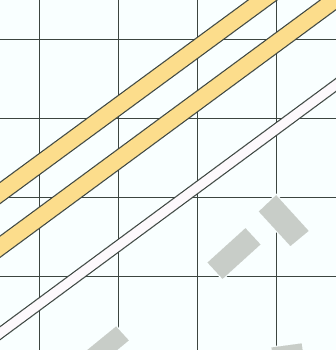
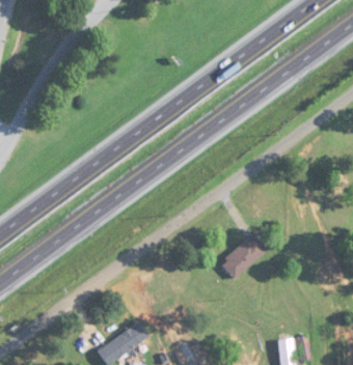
building: [258,194,310,247] -> none

